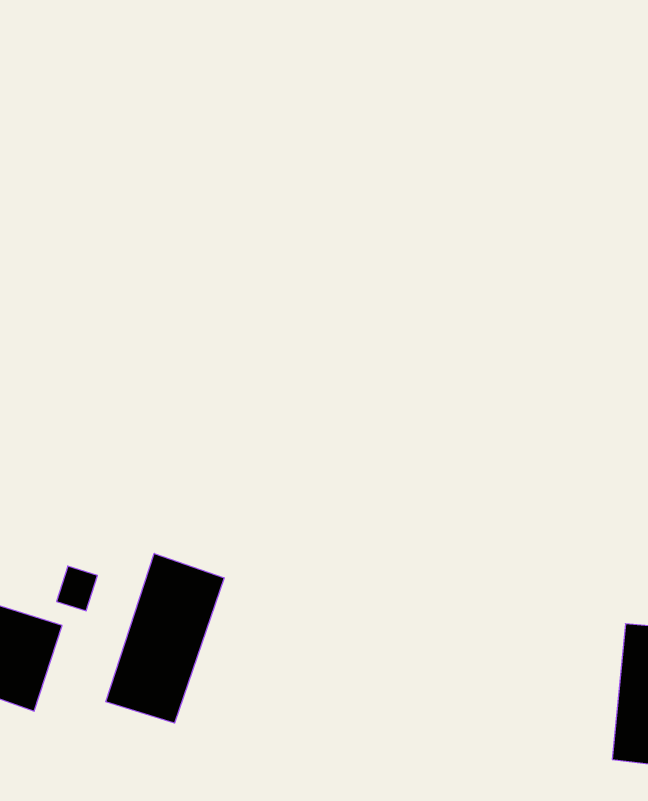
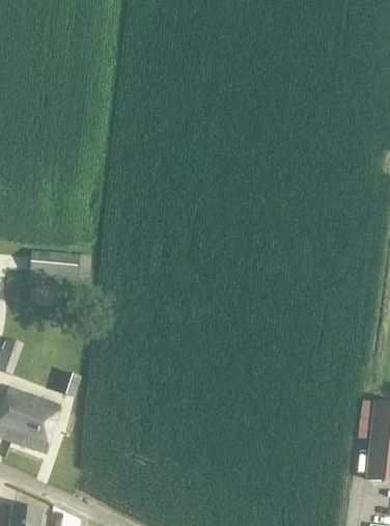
building: none -> [30,251,78,276]
building: [106,553,224,723] -> none

